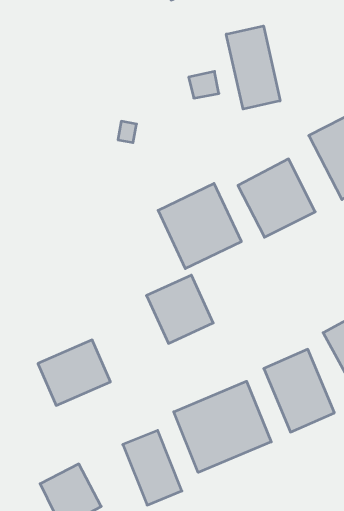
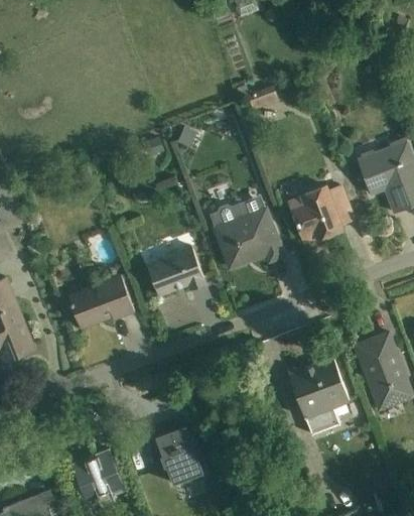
building: [226,26,280,109] -> none
building: [146,275,213,343] -> [144,234,204,296]
building: [38,340,110,405] -> [67,271,134,330]
building: [174,381,271,472] -> none

